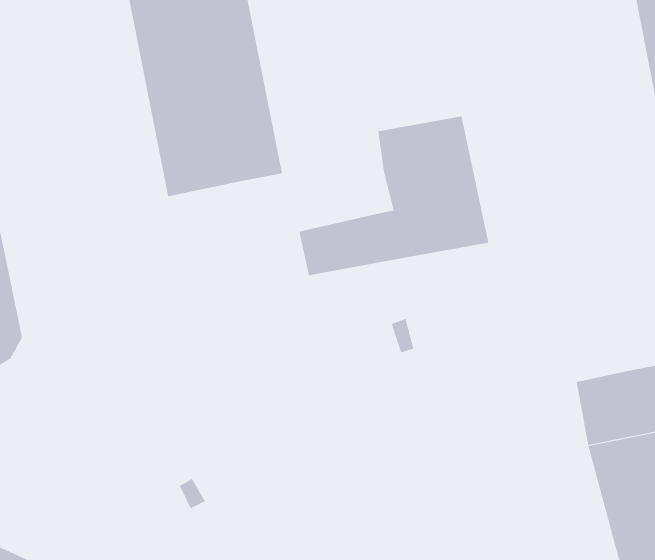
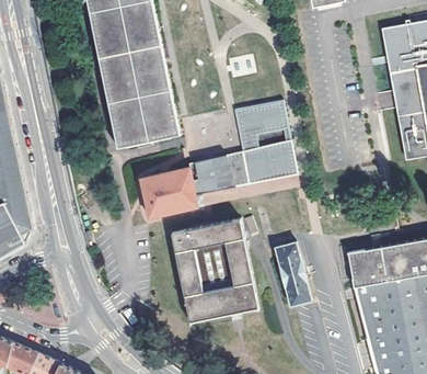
building: none -> [140,167,197,217]
building: none -> [171,218,259,325]
building: none -> [275,241,311,306]

